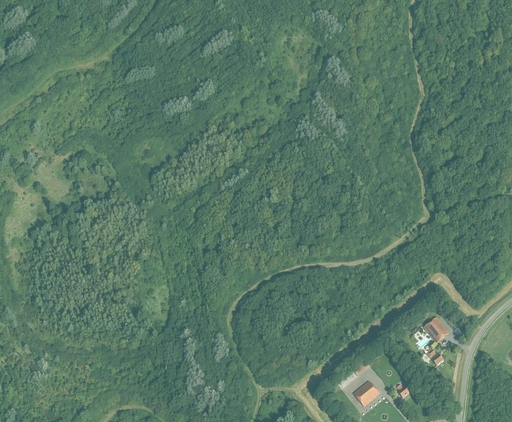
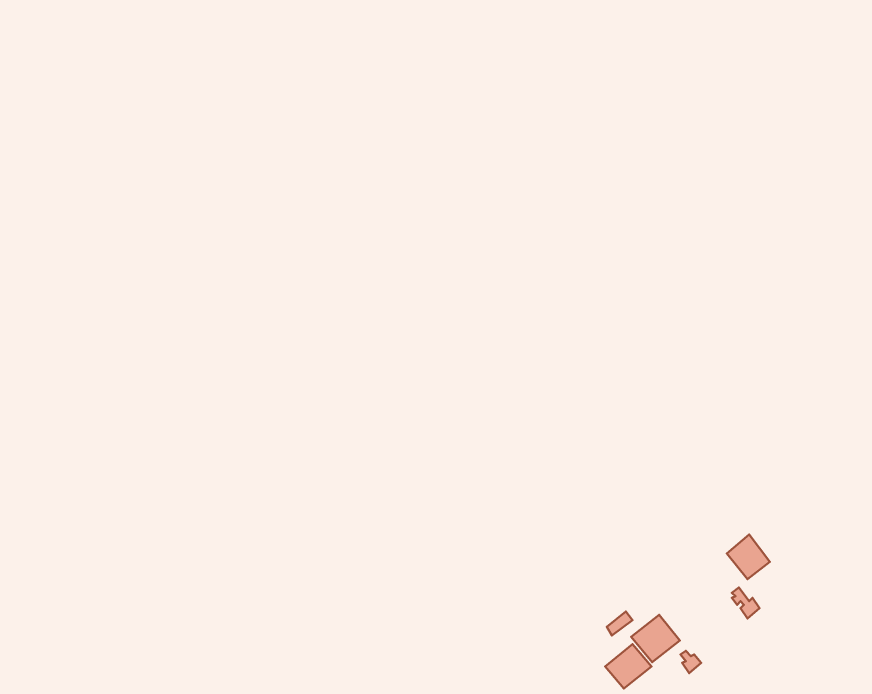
building: none -> [631,615,680,662]

